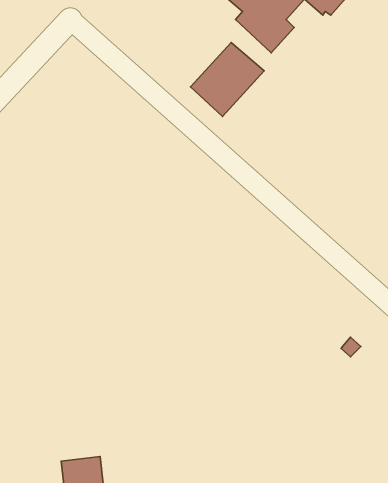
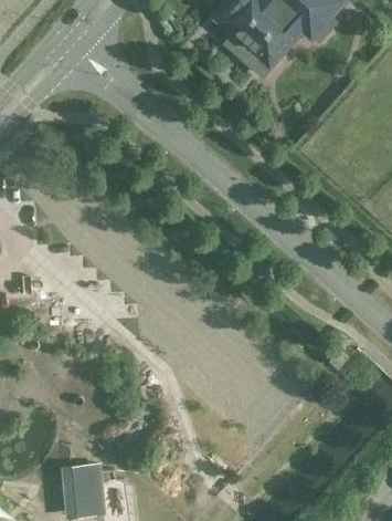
building: [190,42,264,117] -> none

